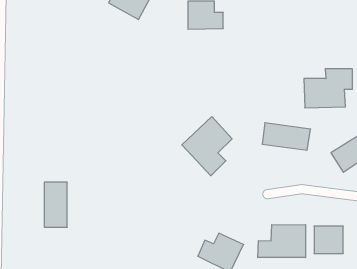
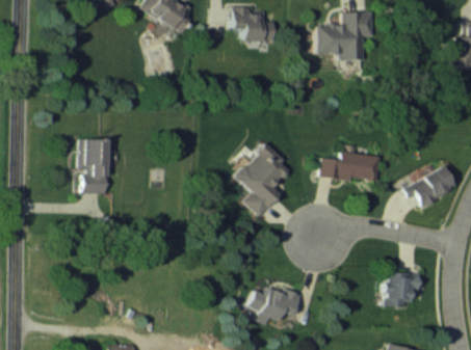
building: [304,69,352,108] -> [317,12,374,58]
building: [44,182,67,227] -> [82,140,109,193]
building: [258,225,306,258] -> none

